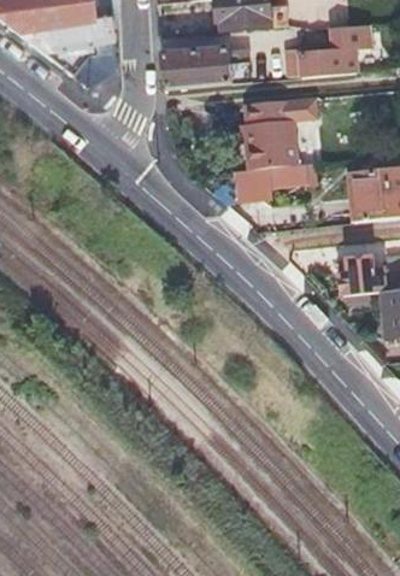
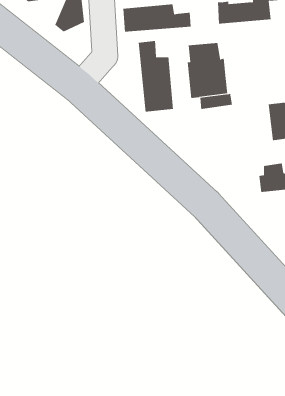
building: none -> [138,40,173,113]

